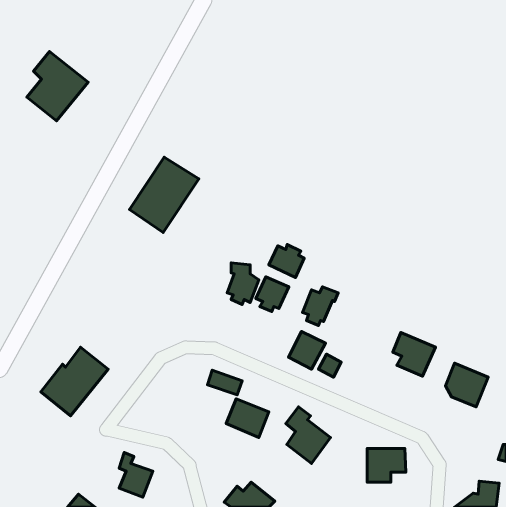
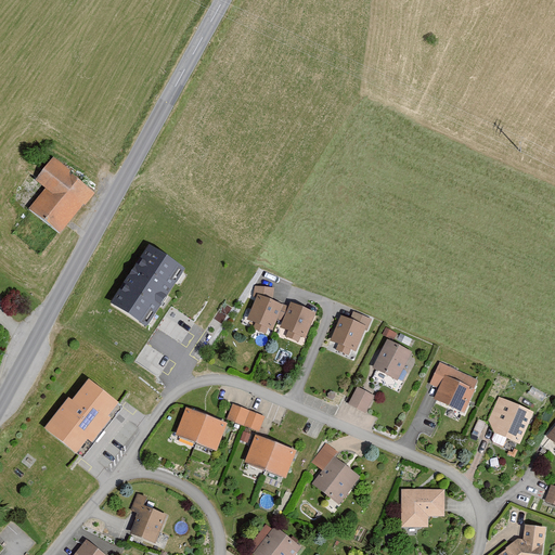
building: [27,51,88,121] -> [28,157,95,233]
building: [130,157,199,232] -> [111,245,186,327]
building: [269,245,304,277] -> none
building: [289,331,325,369] -> [372,339,412,380]
building: none -> [175,408,225,450]

